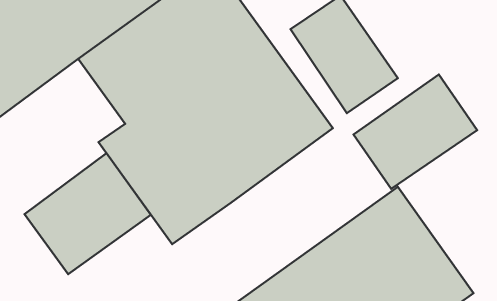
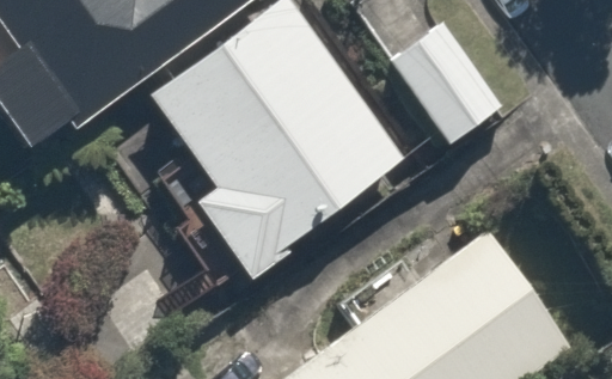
building: [354,74,477,189] -> none
building: [24,153,151,274] -> none

